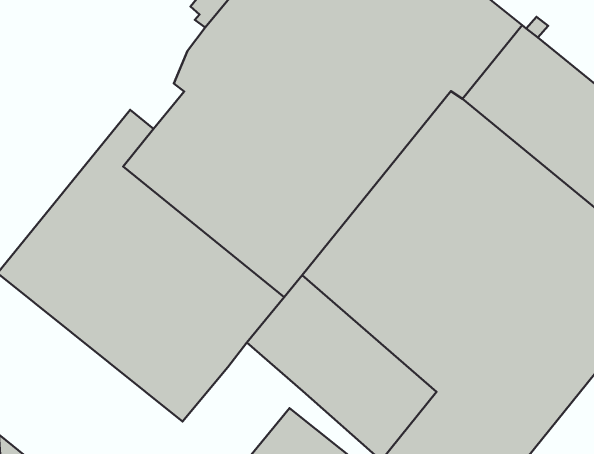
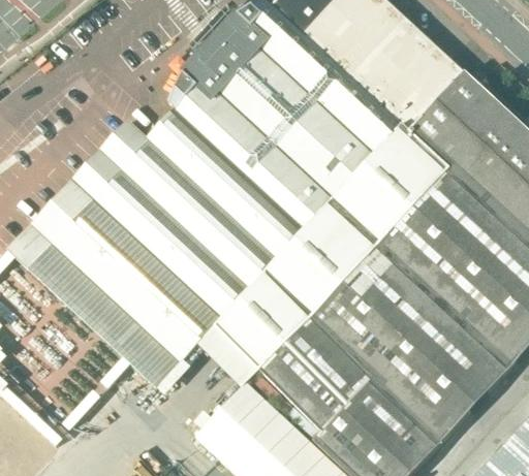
building: none -> [197,324,259,387]

